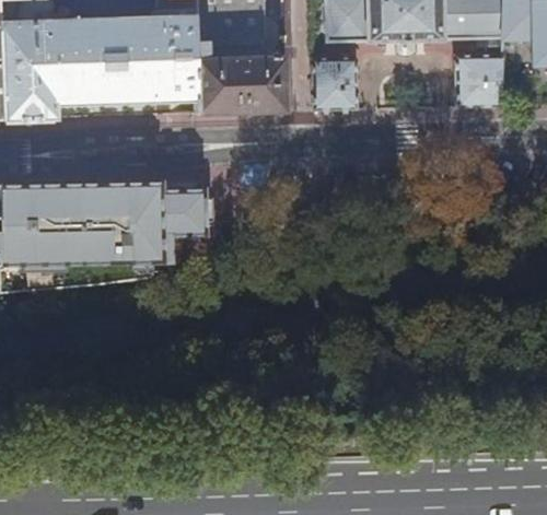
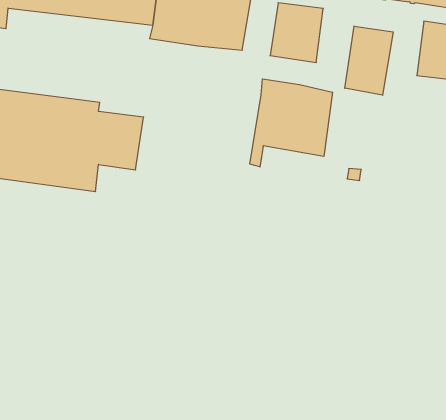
building: none -> [345,26,393,95]
building: none -> [250,79,333,167]

